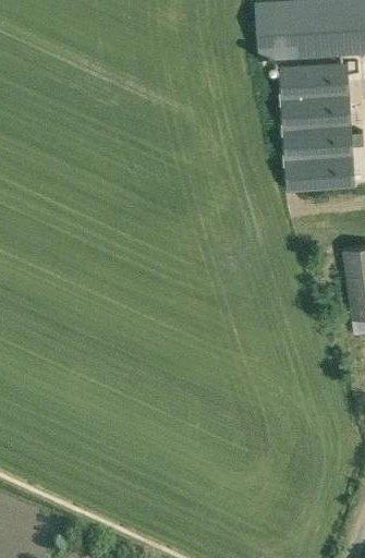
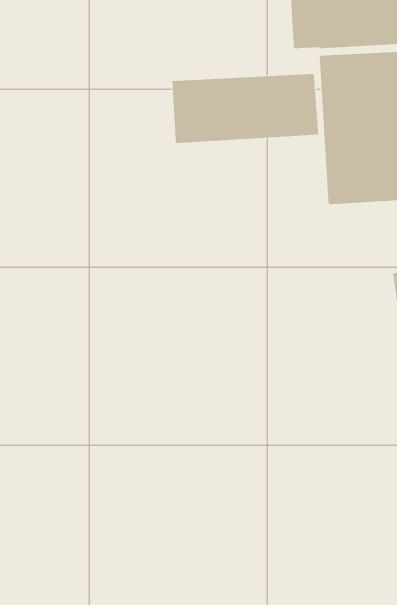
building: none -> [172,73,319,144]

